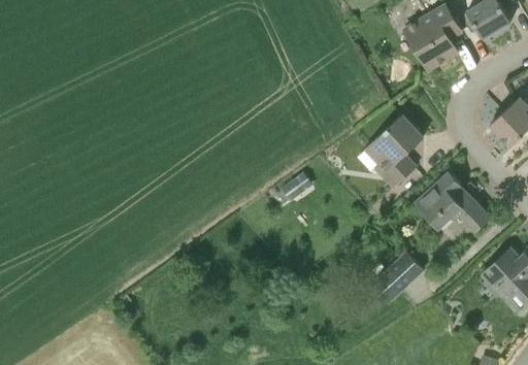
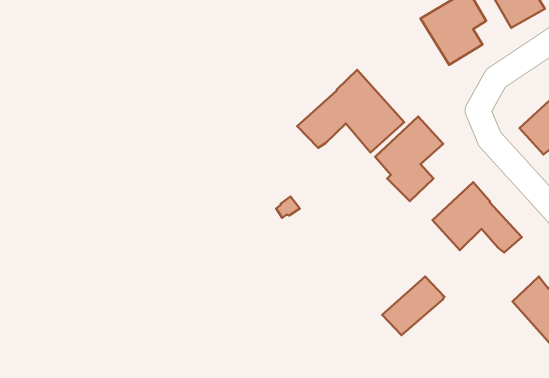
building: none -> [297,70,404,153]

